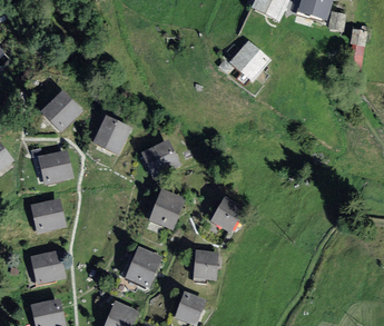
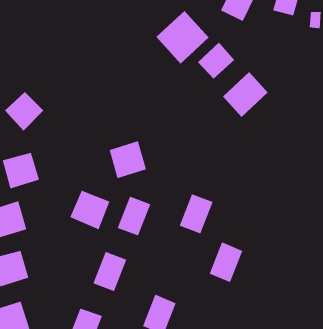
building: none -> [156,10,209,64]
building: none -> [222,71,269,118]
building: [92,119,129,157] -> none
building: none -> [70,190,110,230]
building: [189,246,223,286] -> [209,241,243,283]

